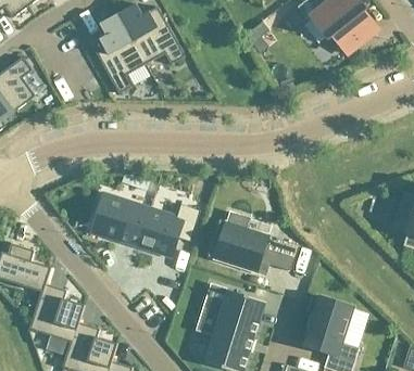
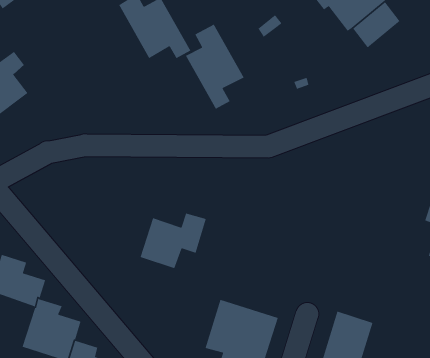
building: [90,13,146,92] -> [185,23,245,110]
building: [91,194,149,245] -> none
building: [214,210,298,270] -> none

